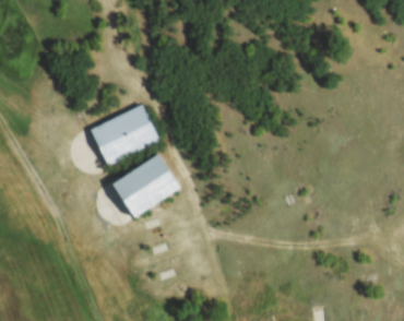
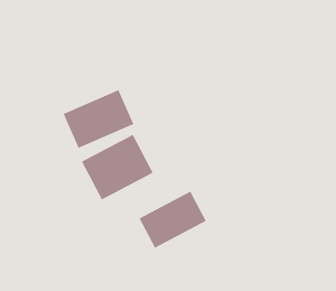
building: none -> [139,191,207,248]

